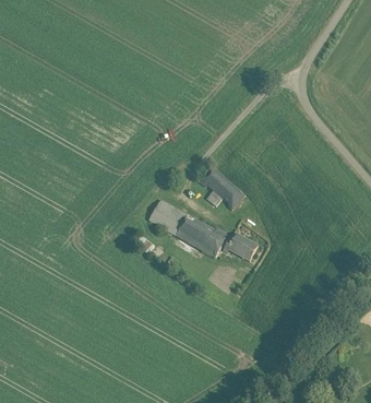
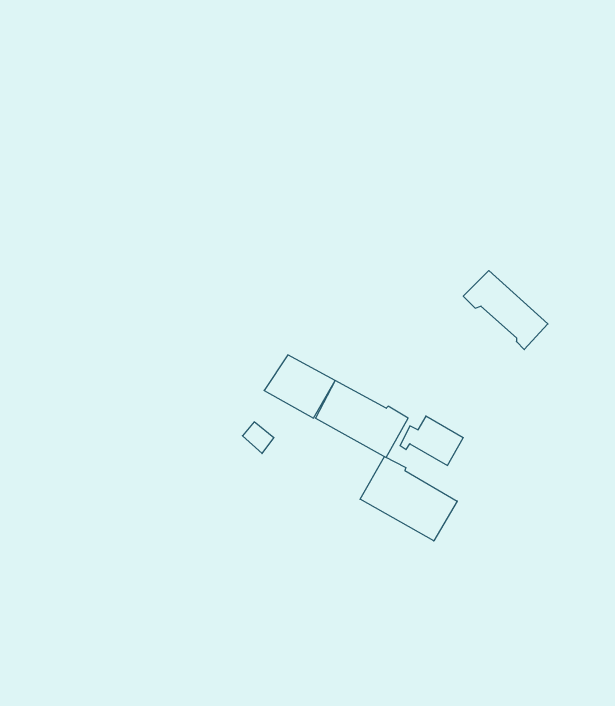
building: [199,167,246,211] -> [463,271,548,350]
building: none -> [360,457,457,541]

